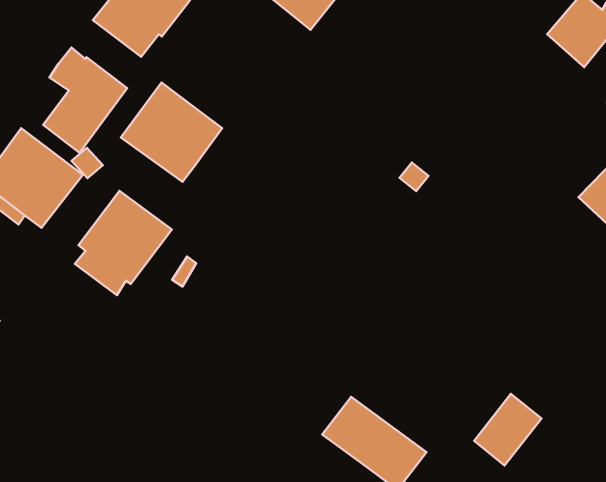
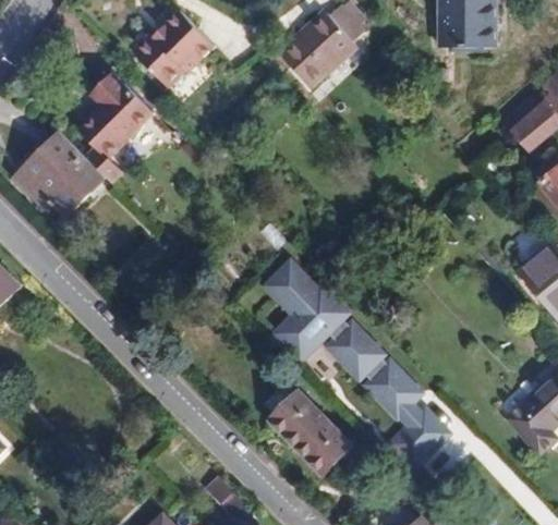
building: [121,83,222,182] -> none
building: [75,191,172,295] -> none
building: none -> [265,260,423,410]

